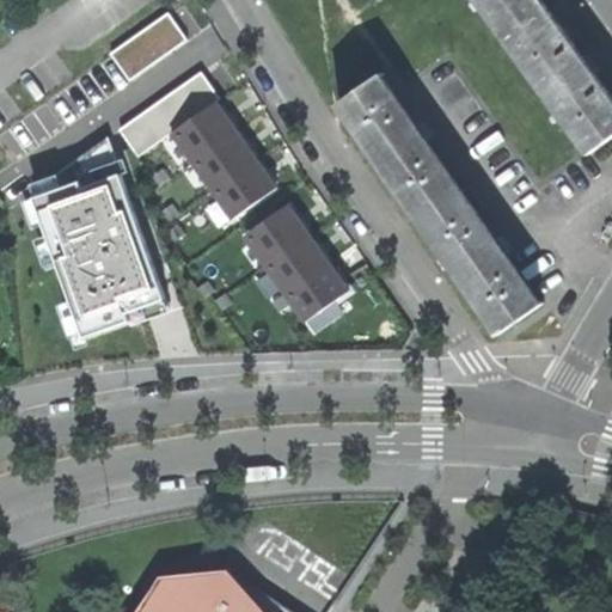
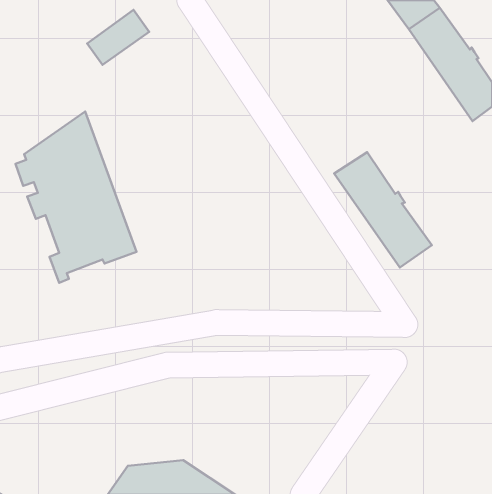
building: [117,73,275,220] -> none
building: [335,74,453,215] -> none
building: [243,206,353,323] -> none

